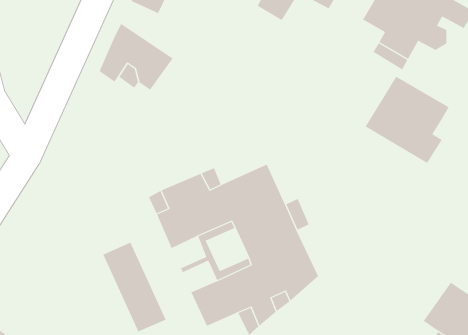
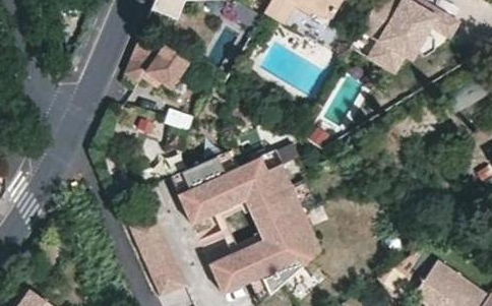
building: [365,76,449,164] -> none

